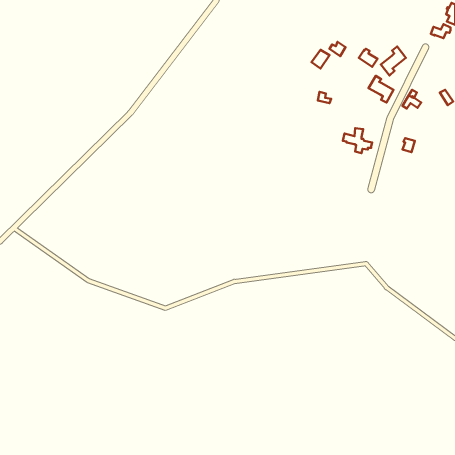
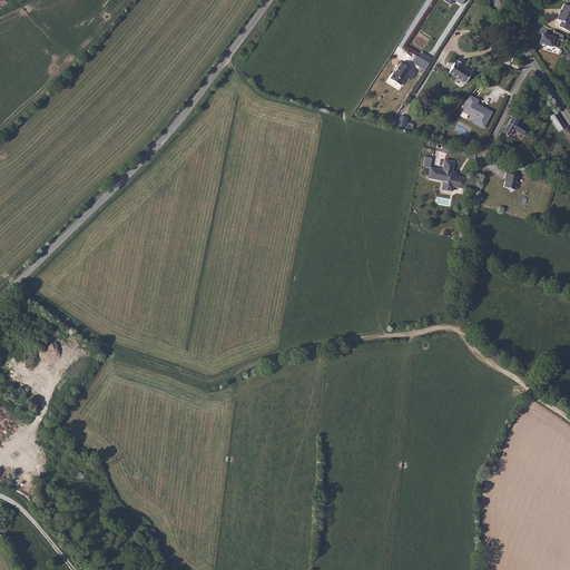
building: [381,47,406,75] -> none

